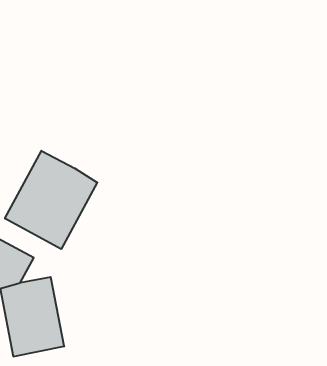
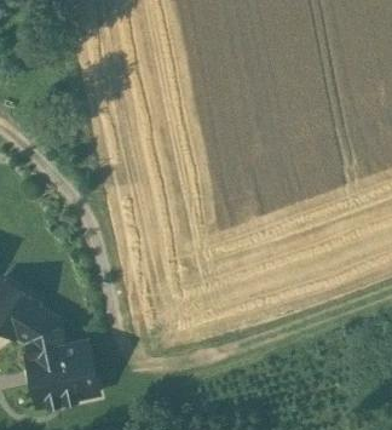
building: [5,151,97,249] -> none

